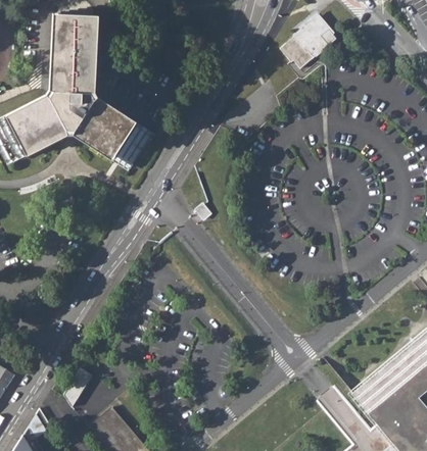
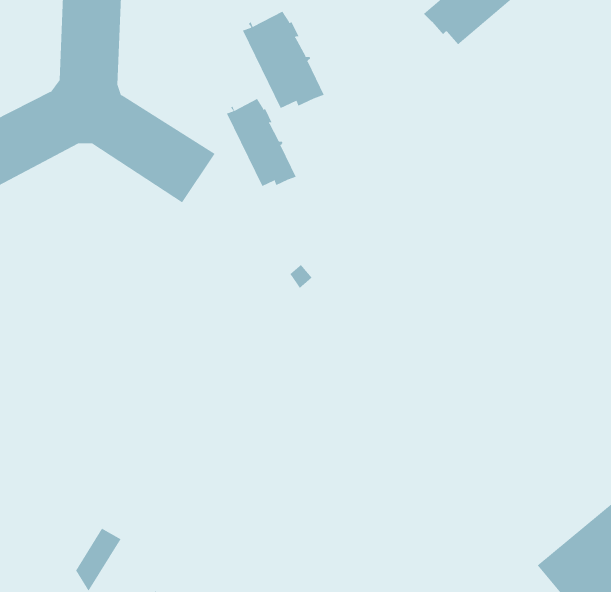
building: none -> [242,11,324,109]
building: none -> [226,98,296,187]

